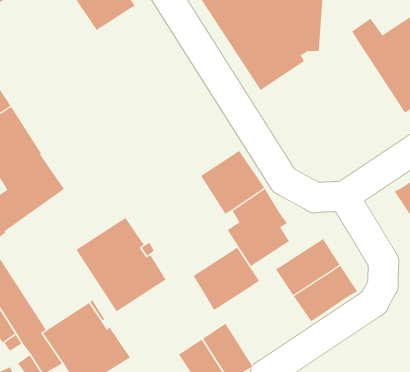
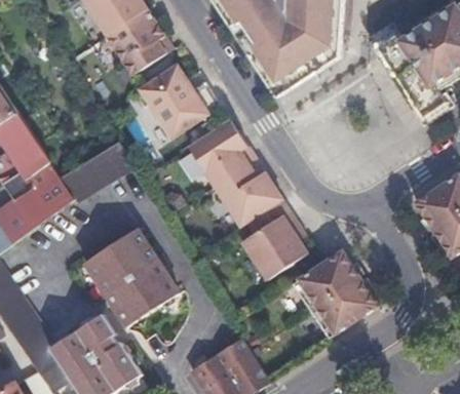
building: none -> [105,8,171,74]
building: none -> [138,64,220,137]
building: none -> [187,118,254,185]
building: none -> [59,141,132,201]
building: [193,247,260,311] -> none

